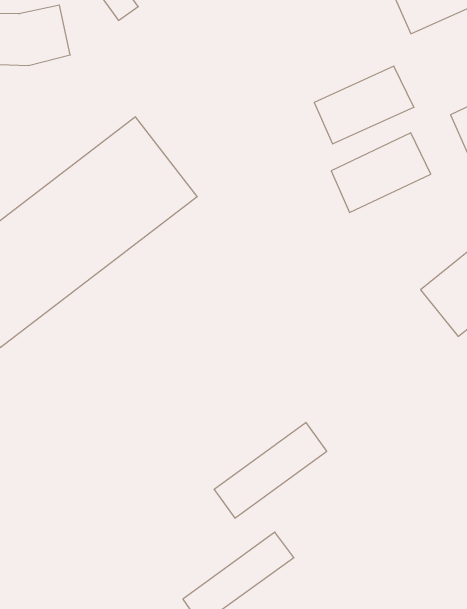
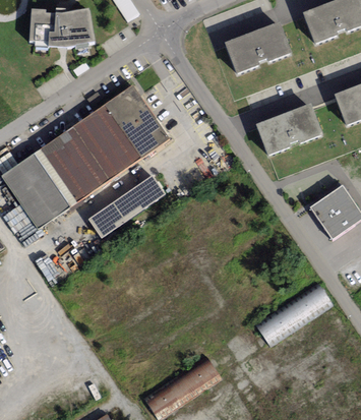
building: [314,66,414,144] -> [227,24,291,72]
building: none -> [87,175,166,238]
building: [214,422,327,518] -> [255,284,329,343]

